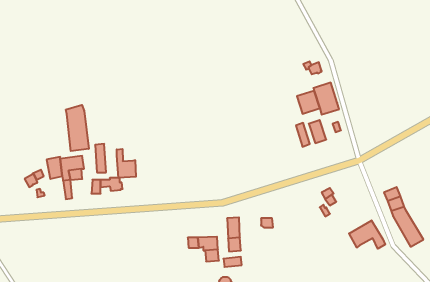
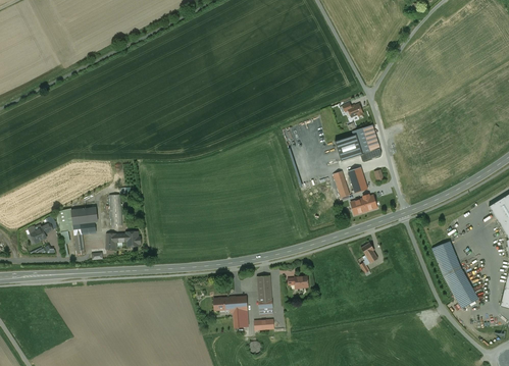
building: [66,105,89,151] -> none
building: none -> [351,194,386,214]
building: [117,149,136,178] -> none
building: [349,220,385,249] -> none

